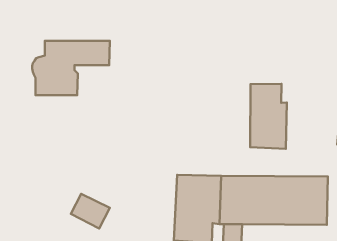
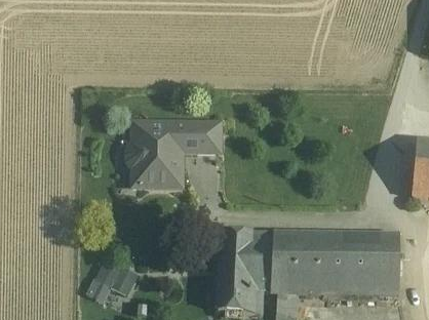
building: [32,41,110,95] -> [127,123,220,188]
building: [250,84,287,149] -> none

